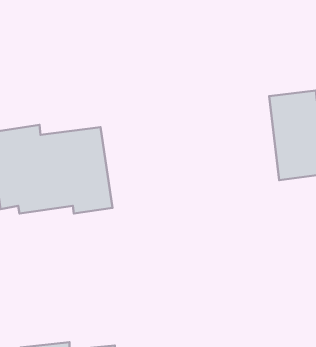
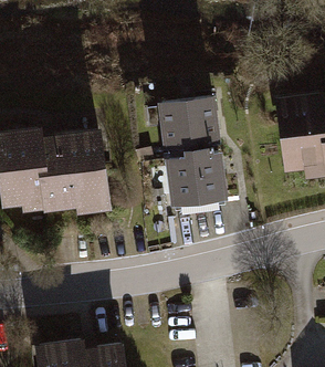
building: none -> [159,98,229,210]

